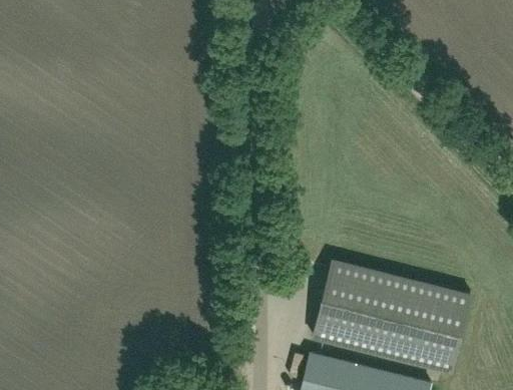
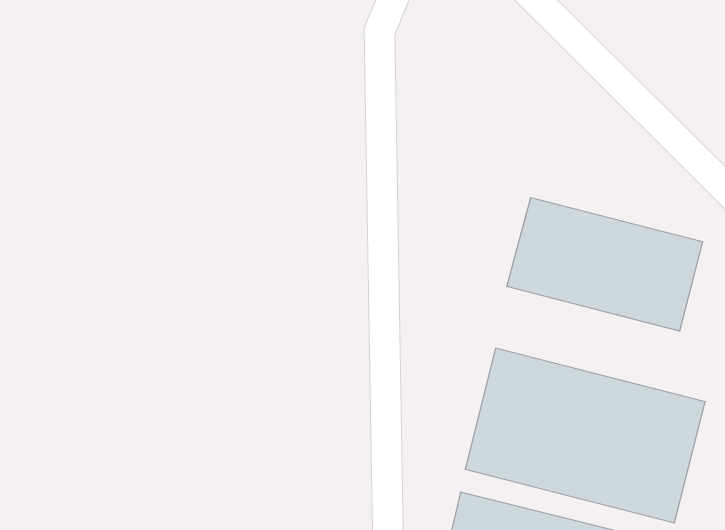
building: none -> [507,198,703,331]

